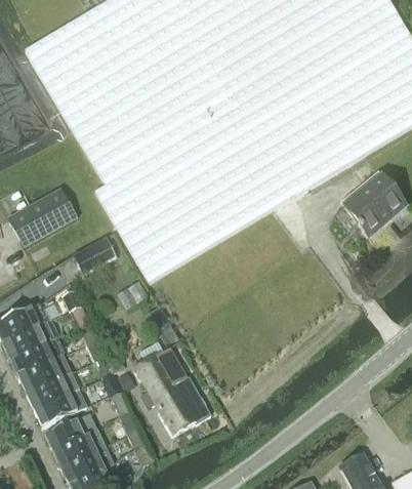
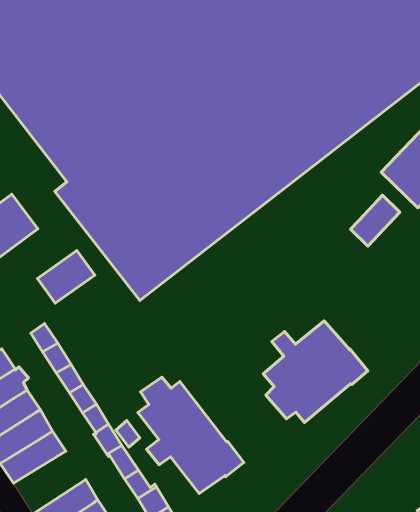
building: none -> [351,195,400,246]
building: none -> [263,321,368,422]
building: [34,390,86,427] -> none

